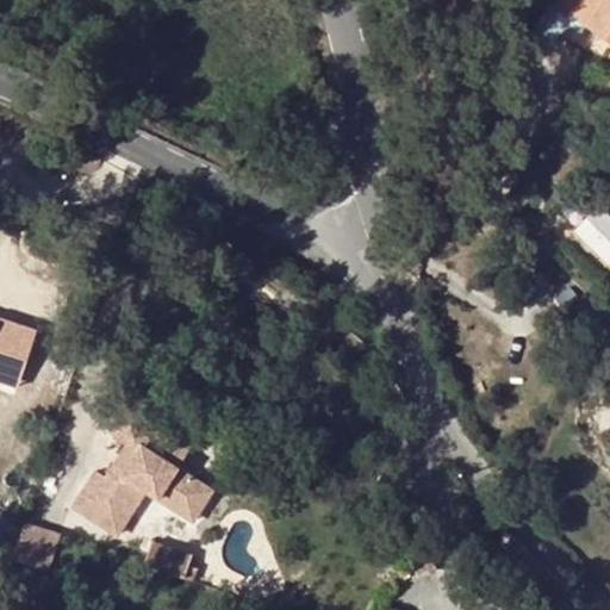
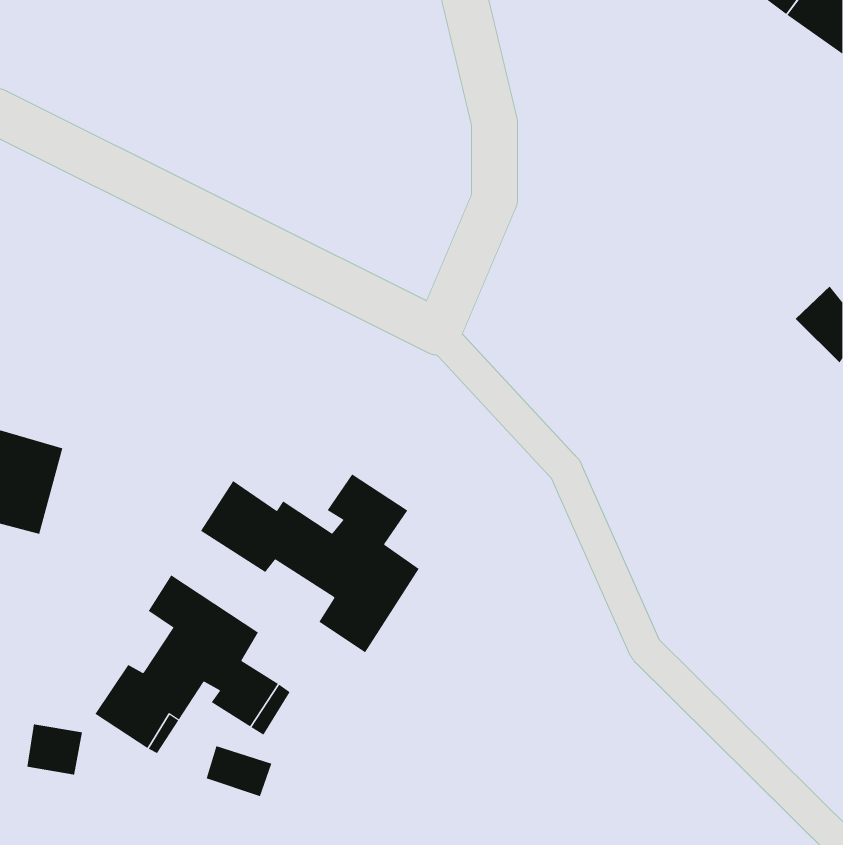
building: none -> [200,474,420,653]

